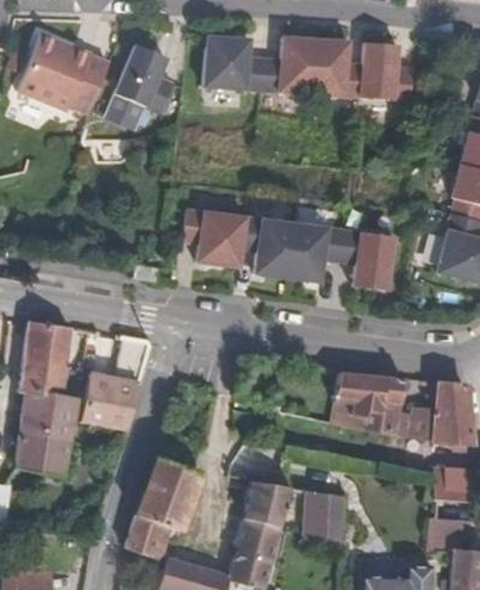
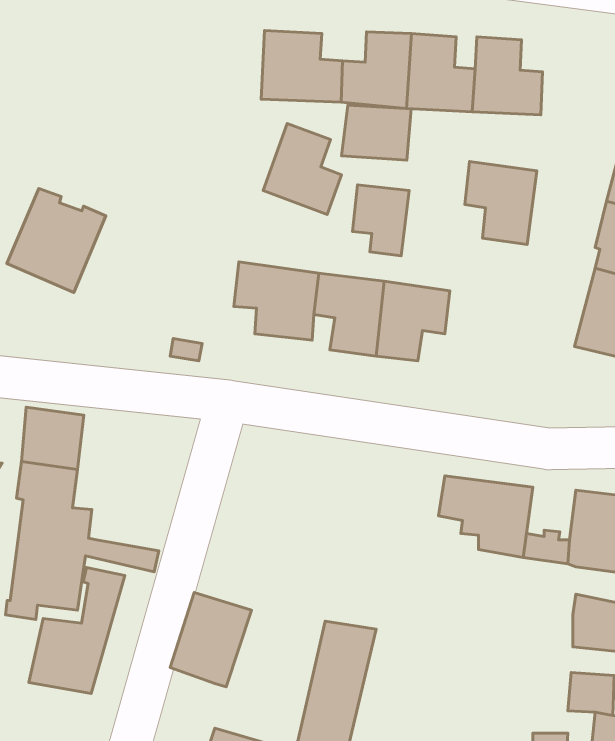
building: [17,35,91,112] -> [7,189,106,292]
building: [116,49,174,117] -> [263,124,342,215]
building: none -> [341,105,411,160]
building: none -> [352,185,409,256]
building: [341,232,394,294] -> [465,161,537,244]
building: [81,333,152,427] -> [29,567,125,694]
building: [294,486,351,541] -> none
building: [126,514,169,559] -> none

